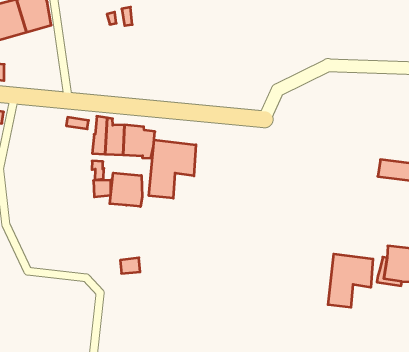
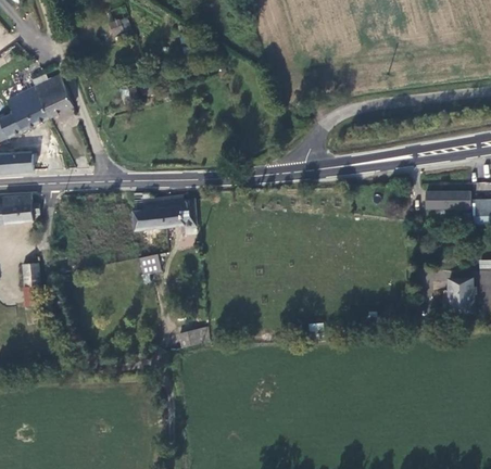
building: [149,140,196,198] -> none
building: [110,173,142,207] -> none
building: [328,254,373,307] -> none

